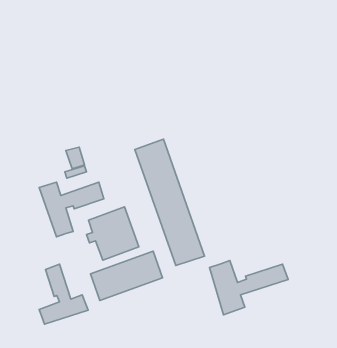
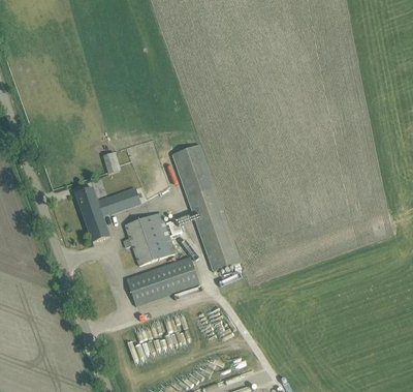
building: [209,260,288,315] -> none
building: [39,264,88,324] -> none

